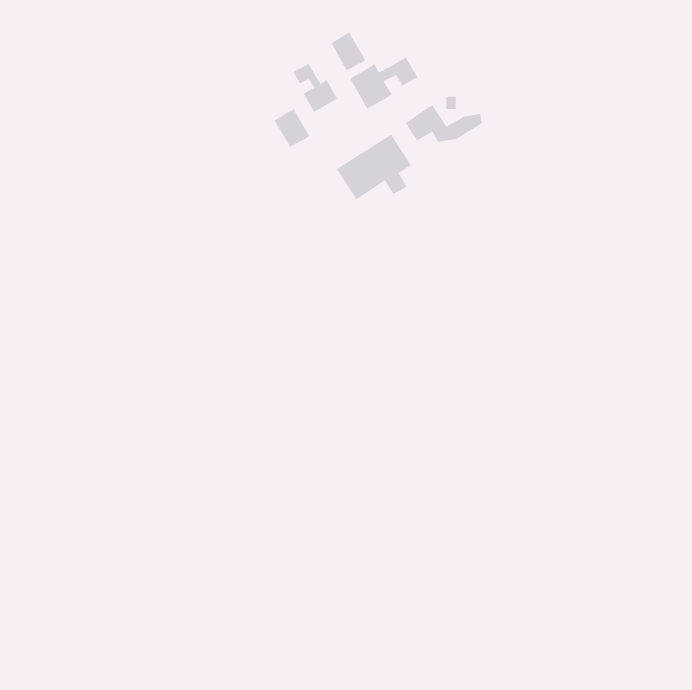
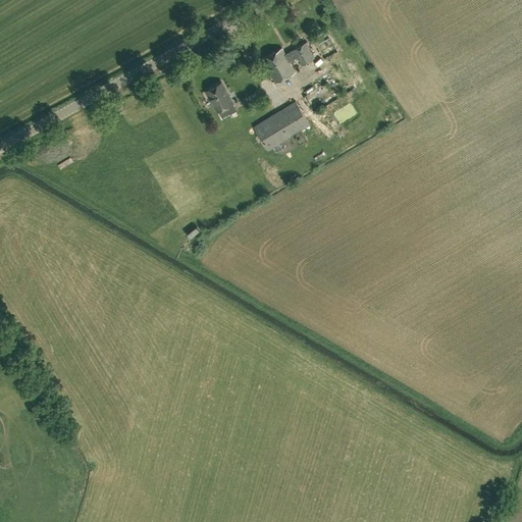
building: [331,31,366,71] -> none
building: [293,63,338,113] -> none

